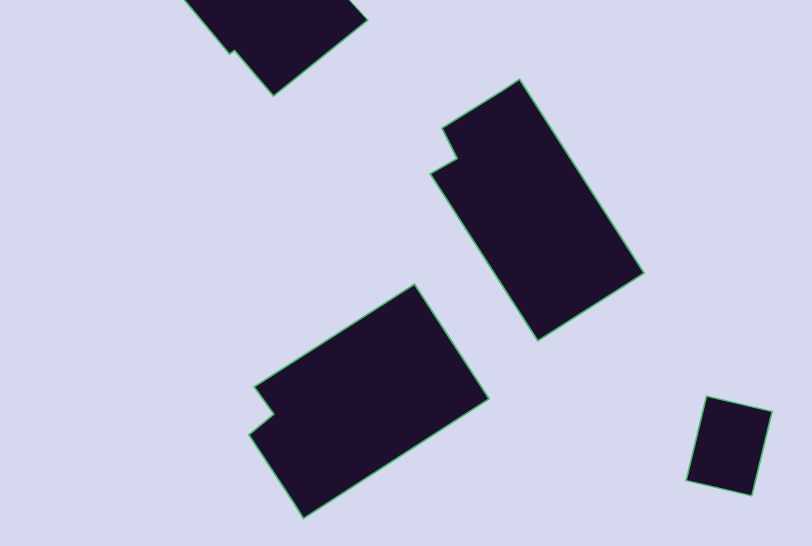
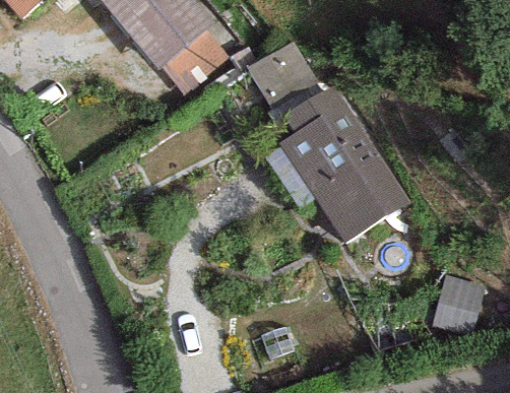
building: none -> [246,41,323,119]
building: [249,284,489,518] -> none

